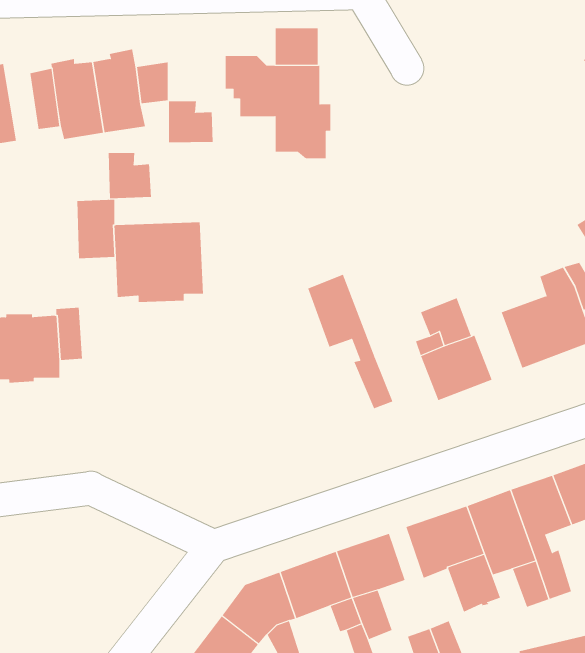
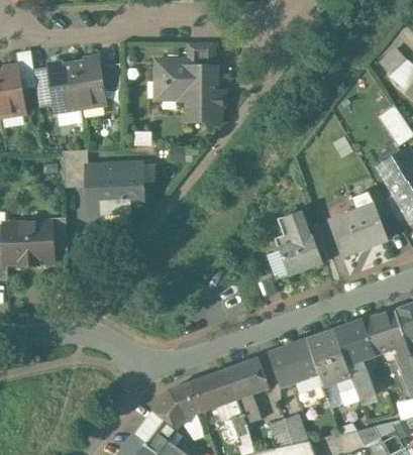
building: [168,101,213,143] -> none
building: [108,152,152,199] -> none
building: [308,274,393,409] -> none

